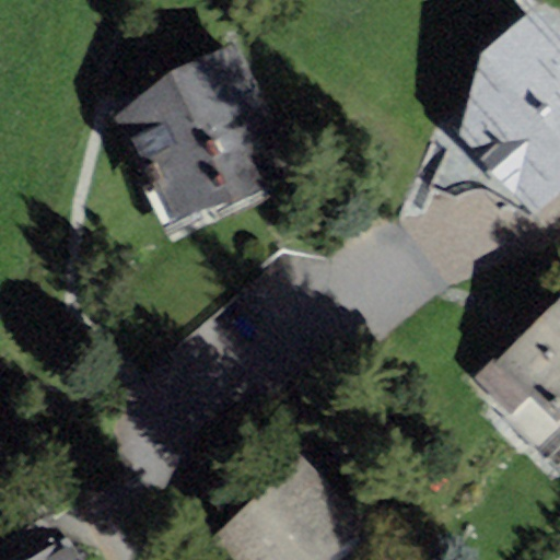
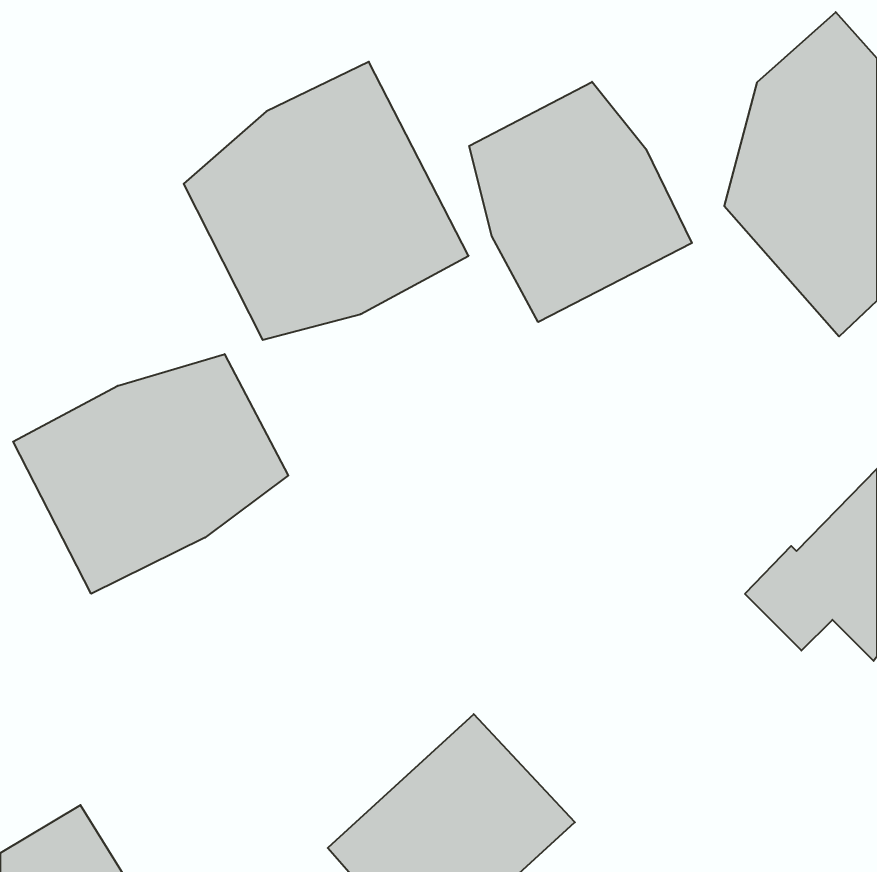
building: none -> [469,82,692,322]
building: none -> [13,354,288,594]

